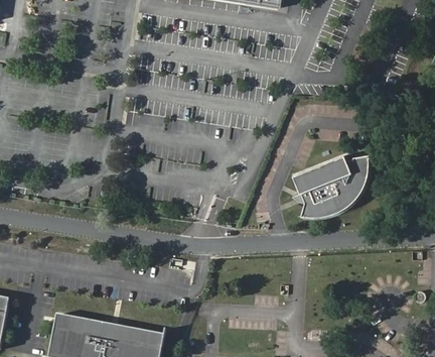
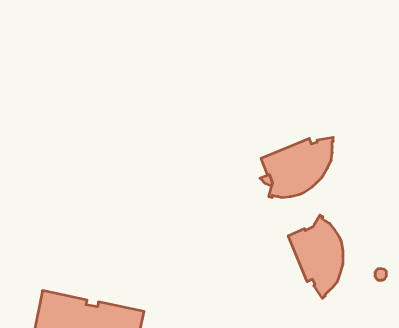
building: none -> [288,215,343,298]

